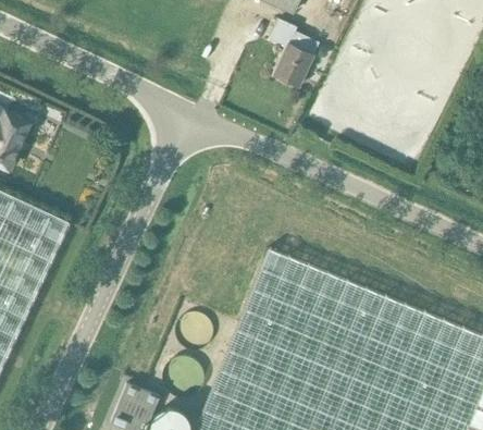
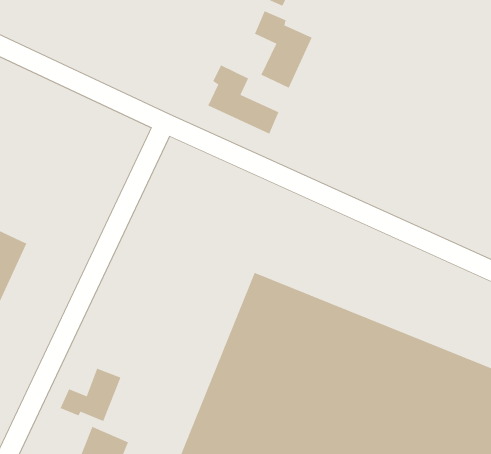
building: none -> [208,64,279,134]
building: none -> [60,368,121,422]

